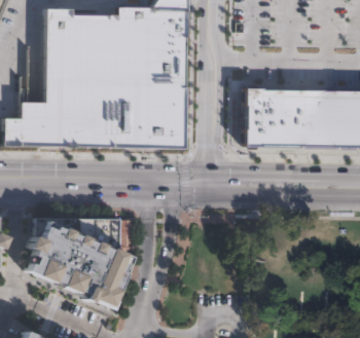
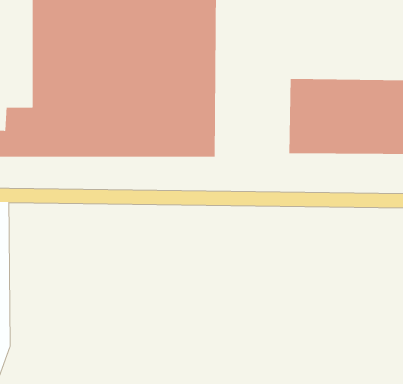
building: [28,216,135,308] -> none

